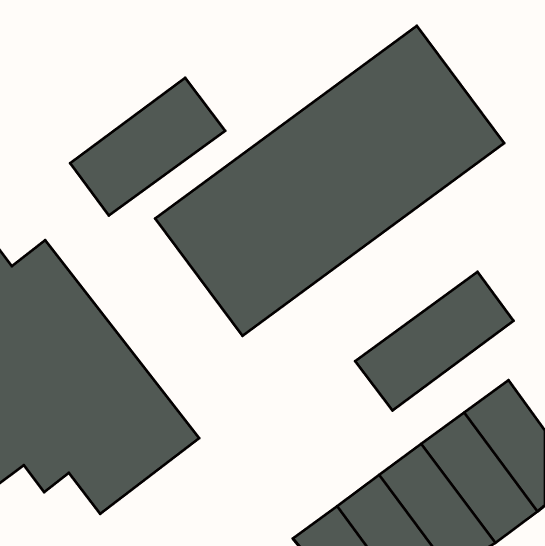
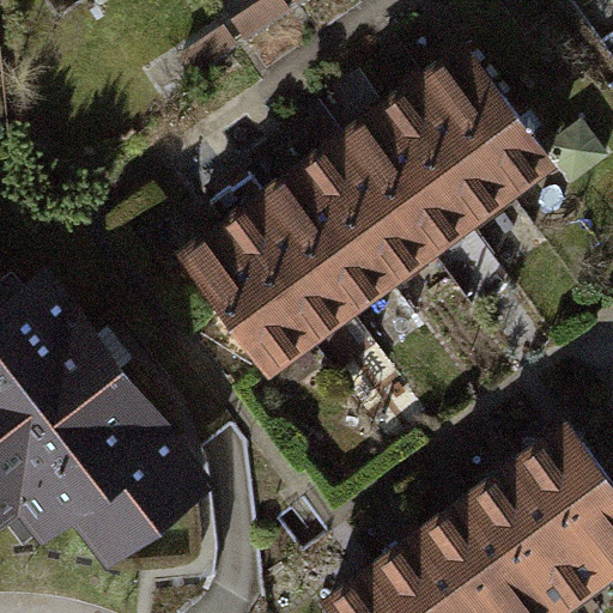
building: [70,78,225,216] -> none
building: [355,272,513,411] -> none

